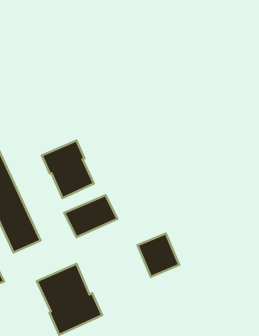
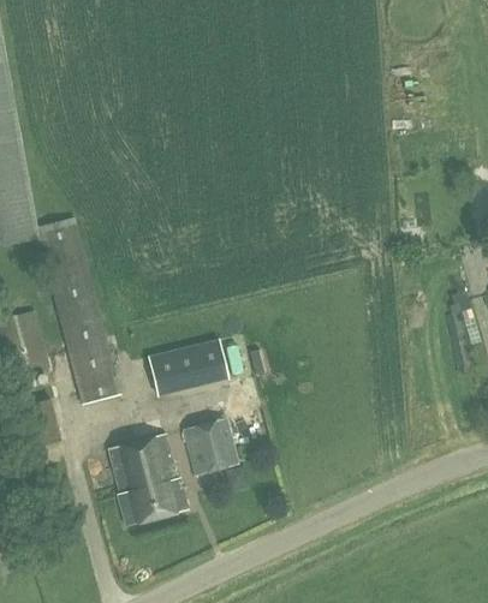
building: [42,141,94,198] -> none
building: [138,233,179,277] -> [184,416,236,471]

